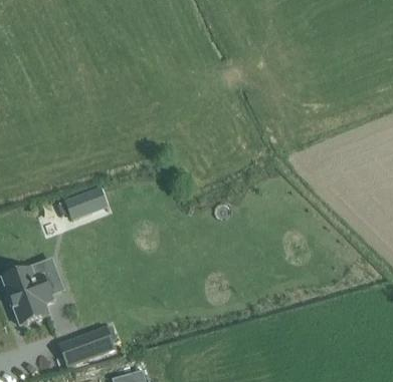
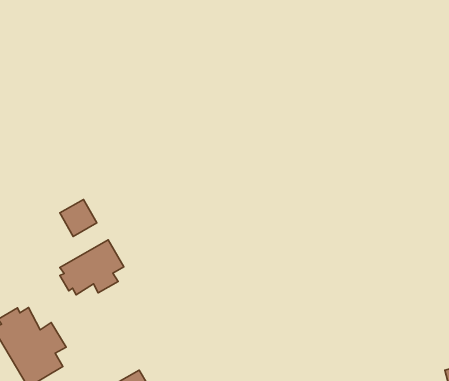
building: none -> [60,240,124,295]

